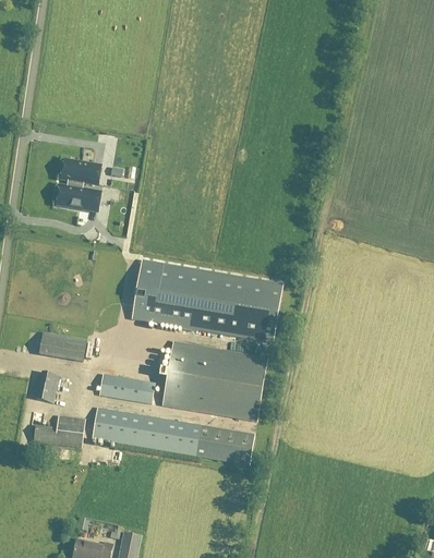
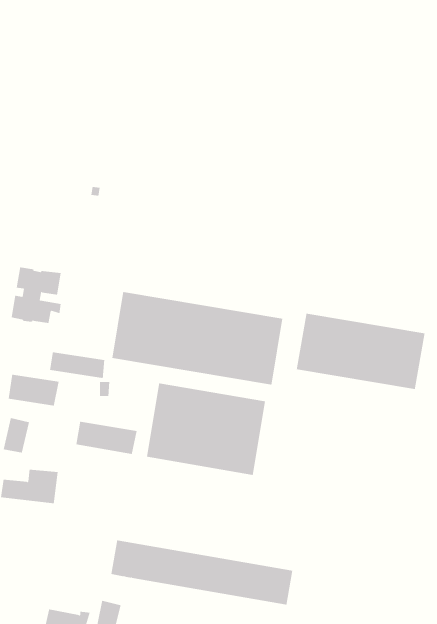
building: [56,159,100,209] -> [11,267,61,324]
building: none -> [296,313,425,390]
building: none -> [50,352,105,379]
building: [92,407,253,464] -> [110,540,293,605]

